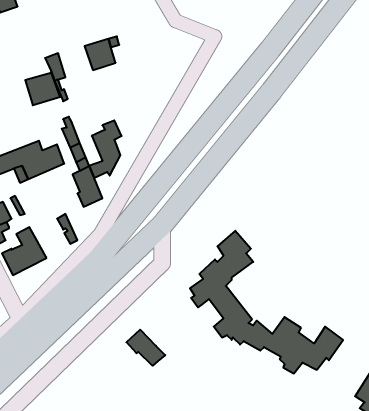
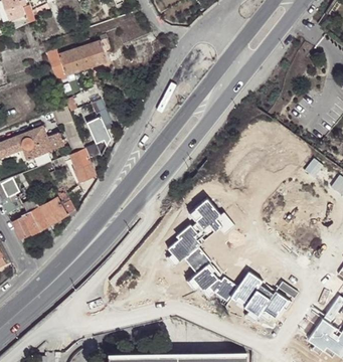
building: [25,73,60,105] -> [58,46,88,73]
building: none -> [39,197,66,223]
building: [126,330,165,366] -> none

